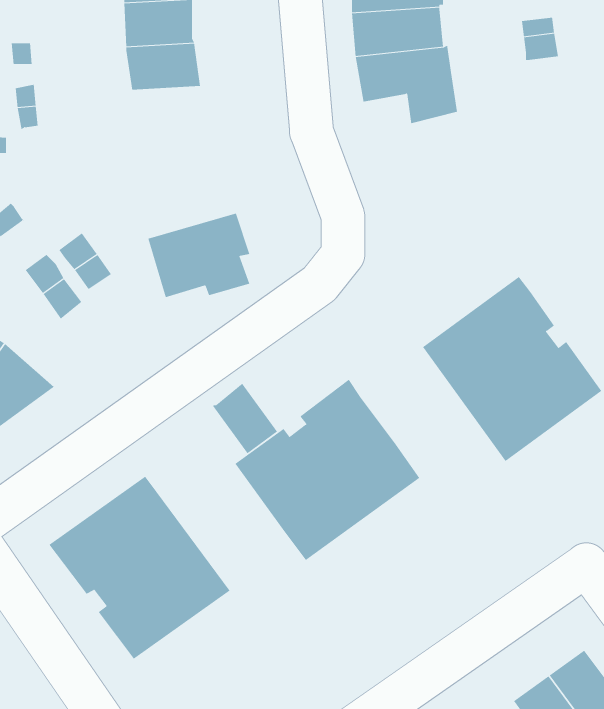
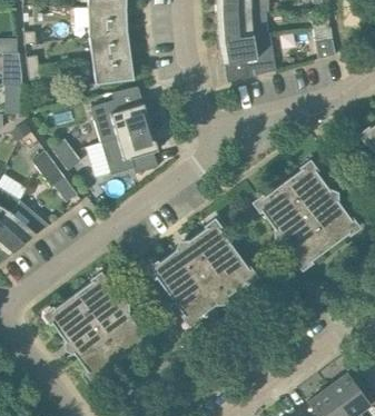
building: none -> [92,56,135,83]
building: none -> [90,86,151,141]
building: [212,383,278,454] -> none

